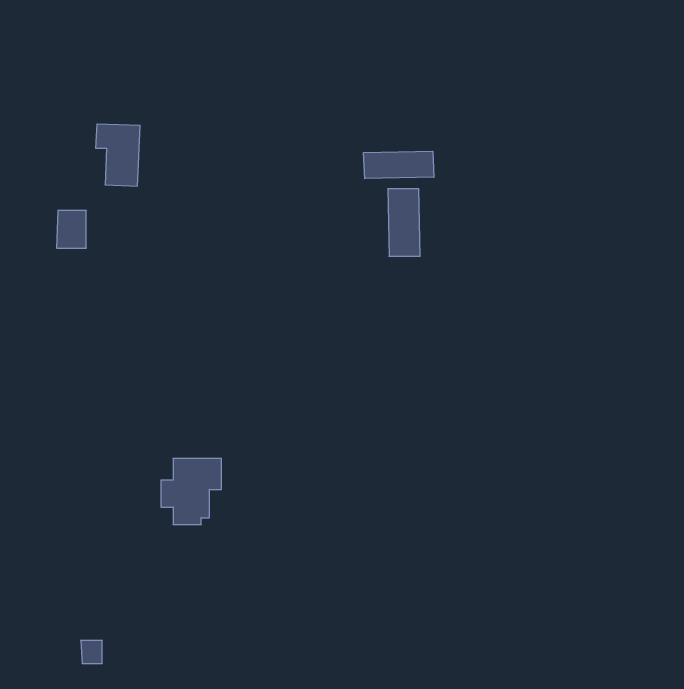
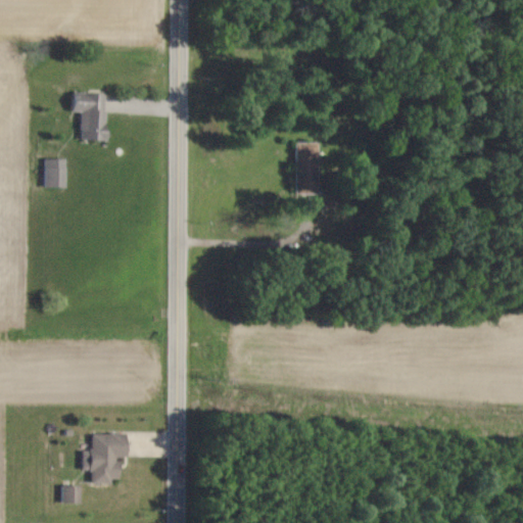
building: [364,151,434,179] -> none
building: [161,458,221,525] -> [82,433,128,483]

